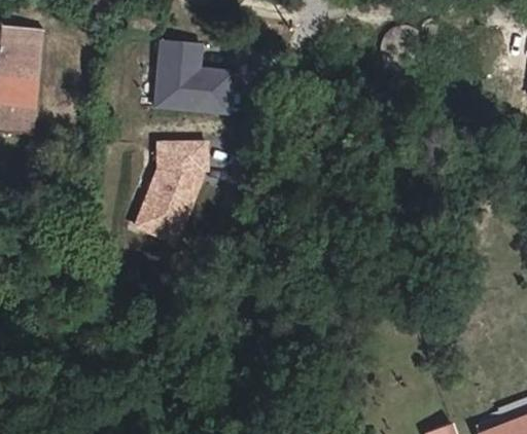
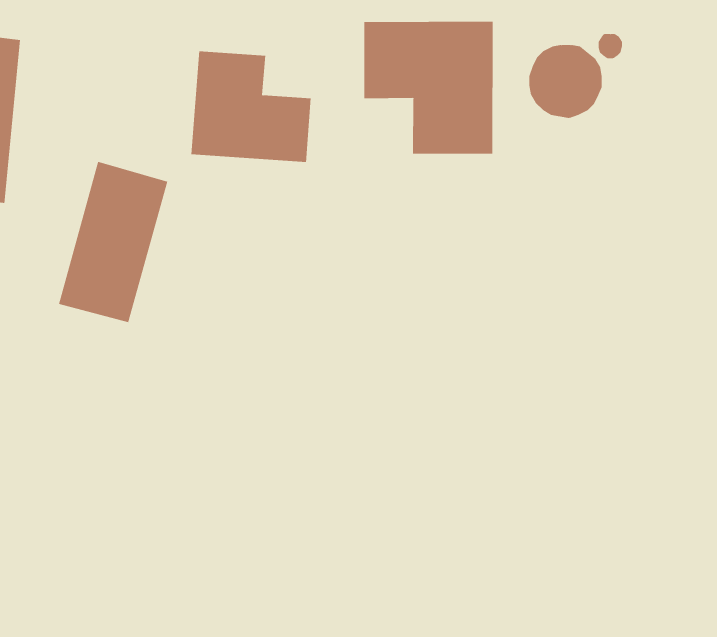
building: none -> [364,21,493,154]
building: [136,133,208,239] -> [58,161,168,323]

